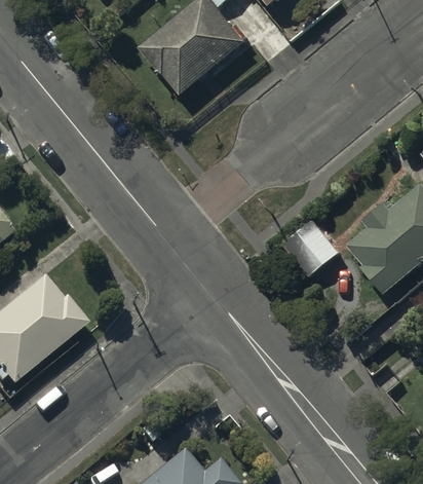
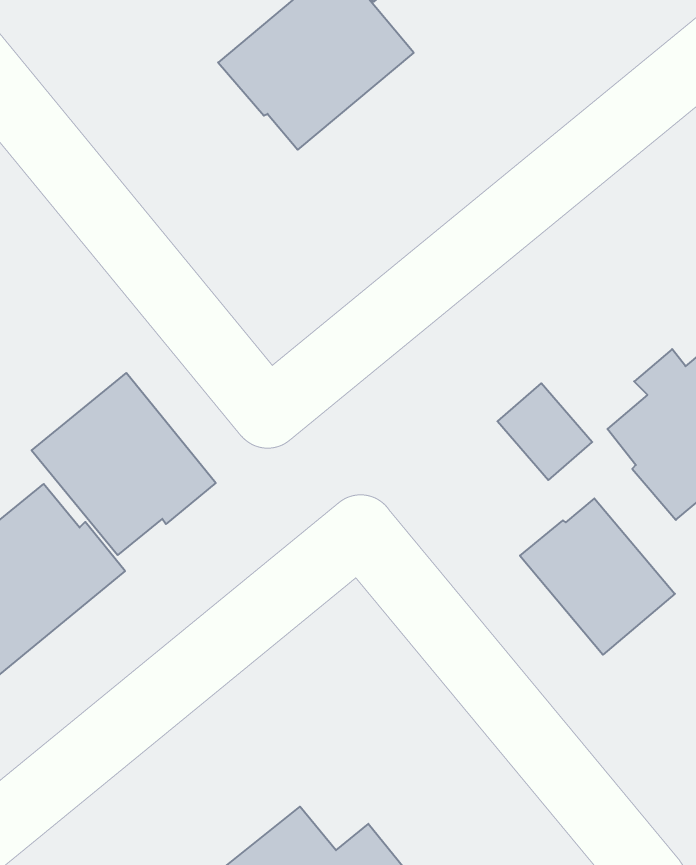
building: none -> [32,373,216,555]
building: none -> [520,498,675,655]

